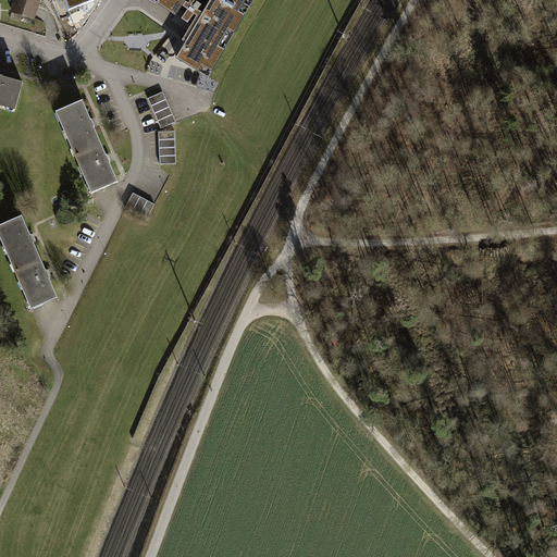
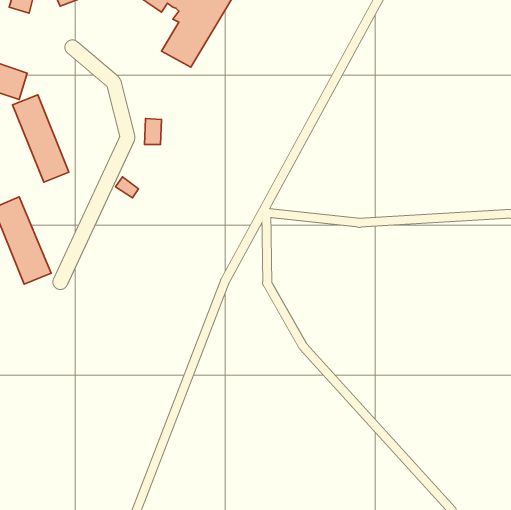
building: [146,89,174,125] -> none
building: [55,96,116,190] -> [13,95,69,182]

